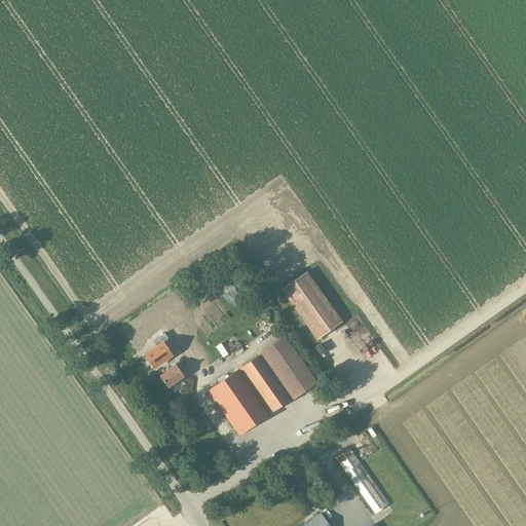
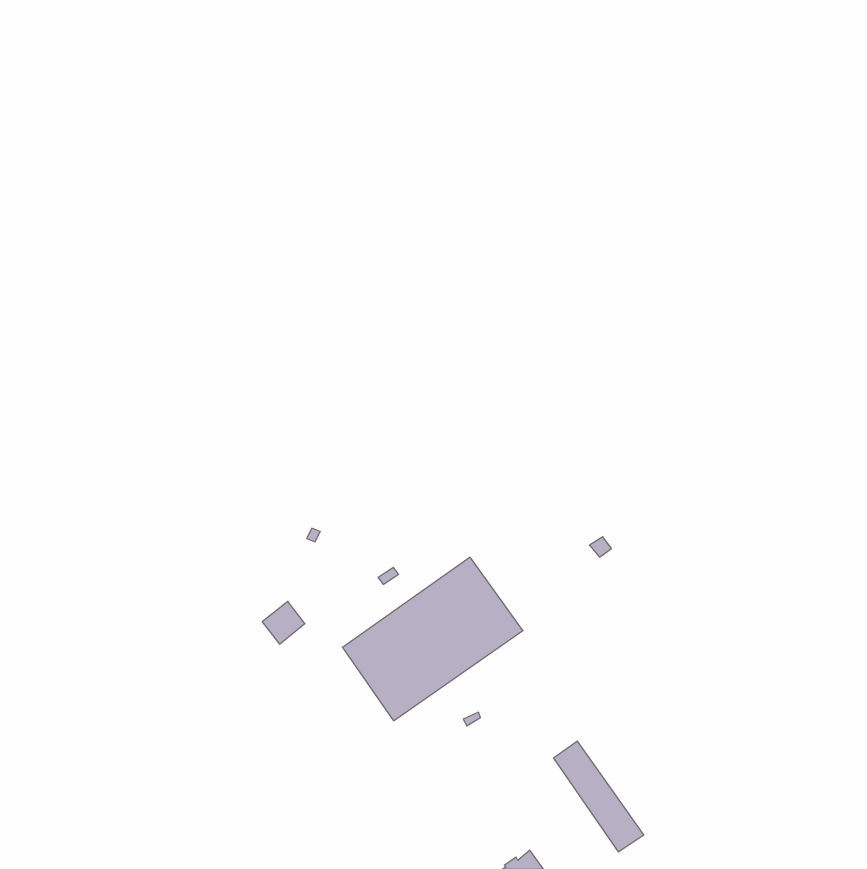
building: [281,271,342,339] -> none
building: [146,333,173,367] -> none

